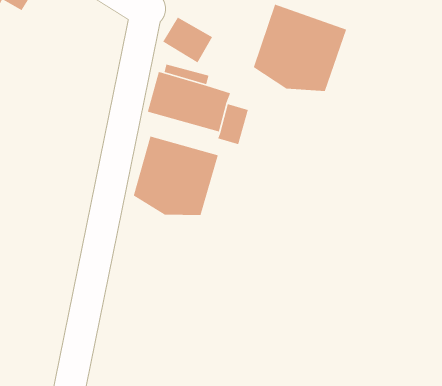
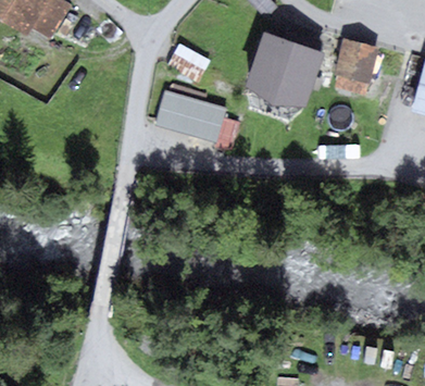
building: none -> [334,37,379,95]
building: [133,136,219,216] -> none

